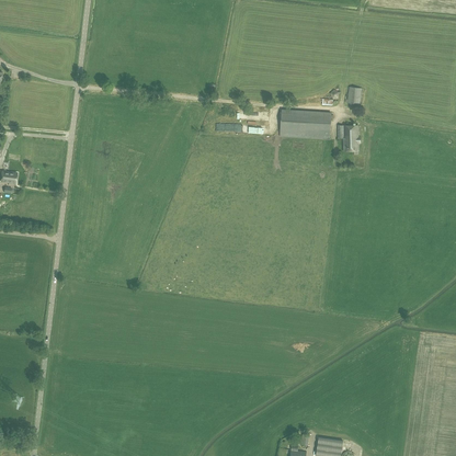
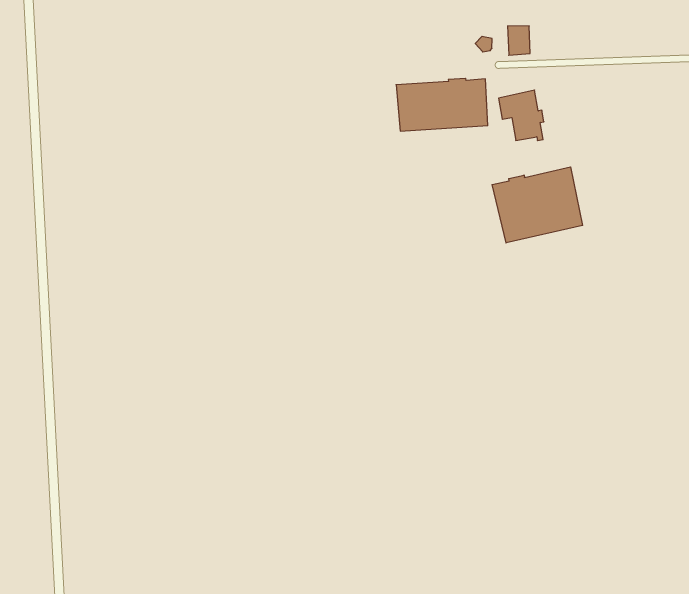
building: none -> [492,167,583,243]

